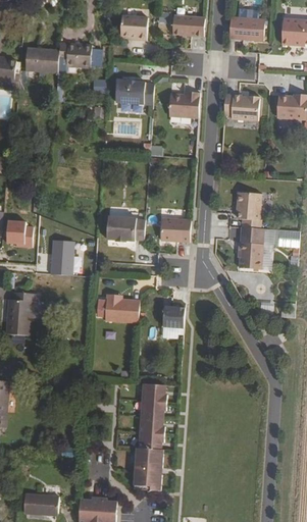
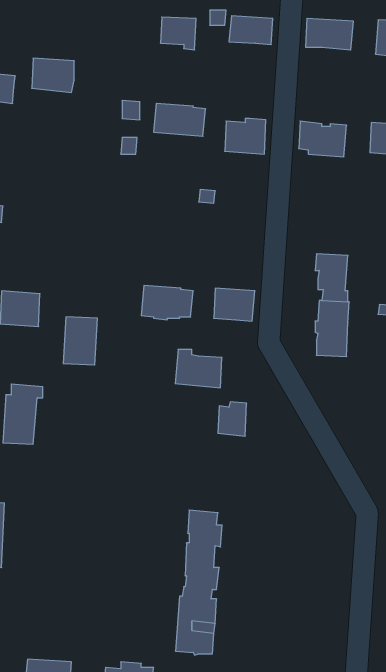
building: [56,42,100,71] -> none
building: [105,295,140,323] -> [175,349,222,388]

